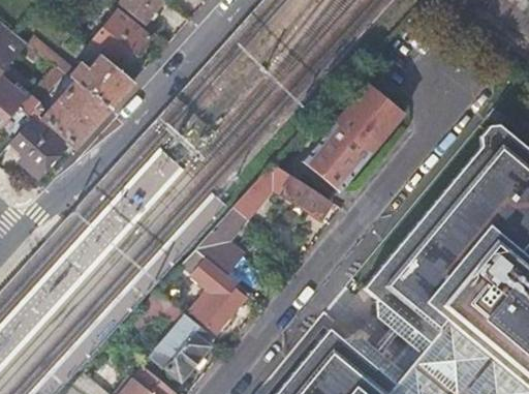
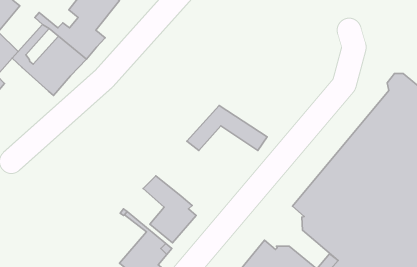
building: [303,85,404,193] -> none
building: [11,119,64,178] -> none
building: [195,209,248,276] -> none

